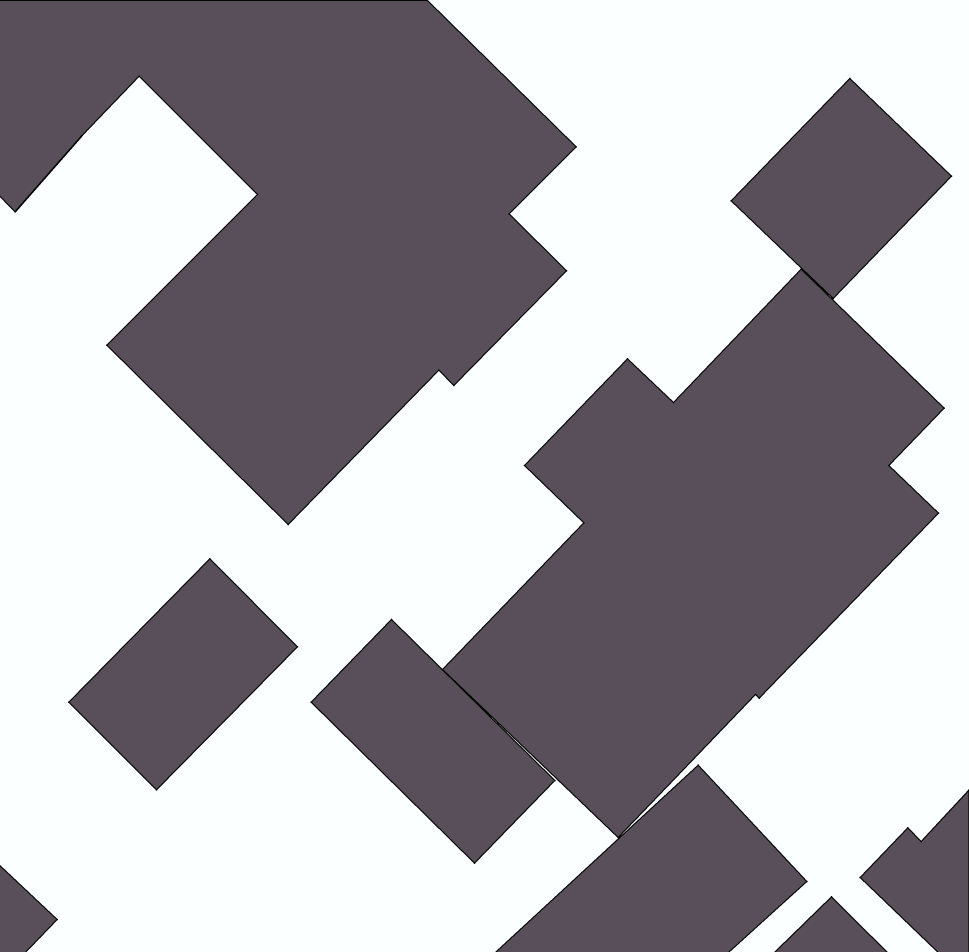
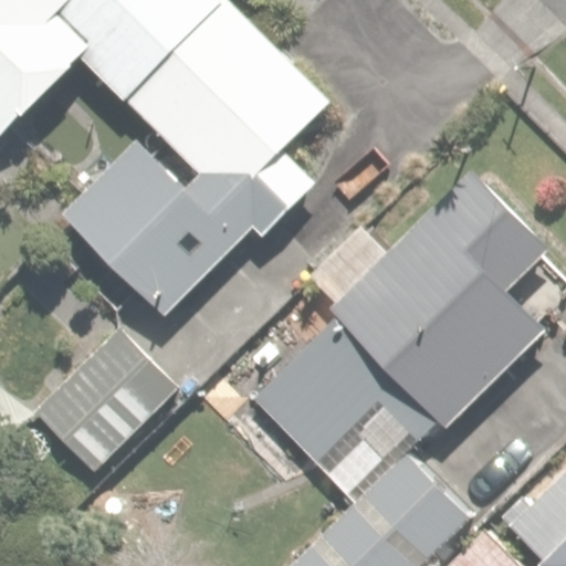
building: [731,79,952,299] -> none
building: [311,619,555,863] -> none

